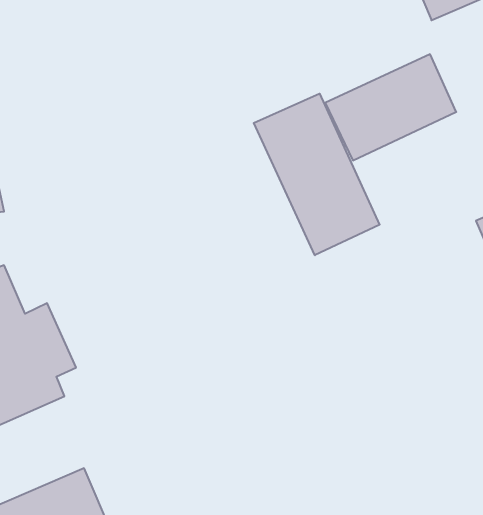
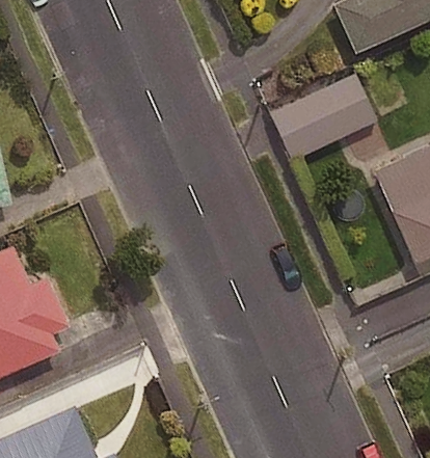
building: [254,94,380,255] -> none

